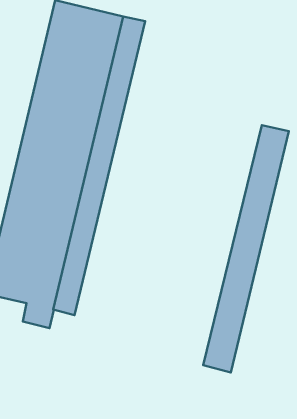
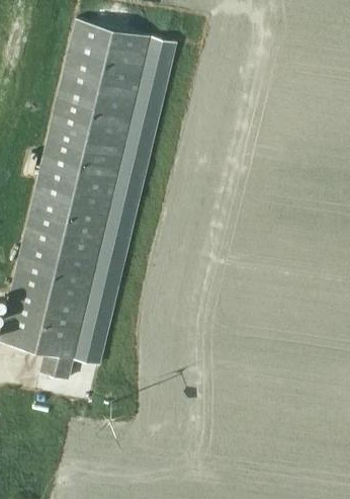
building: [203,125,289,372] -> none

